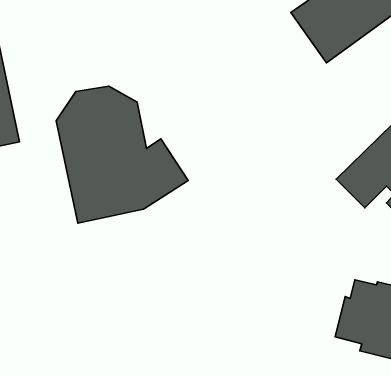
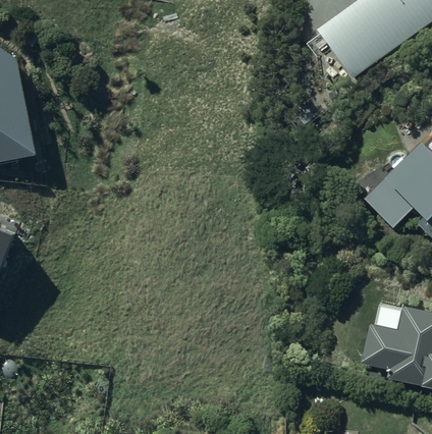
building: [56,86,188,223] -> none

